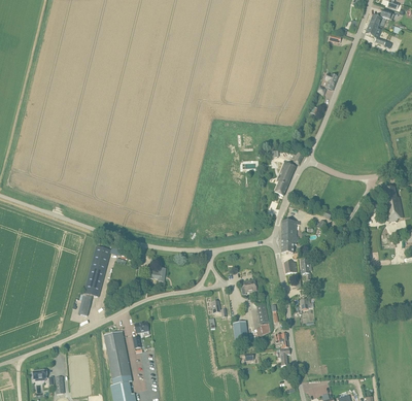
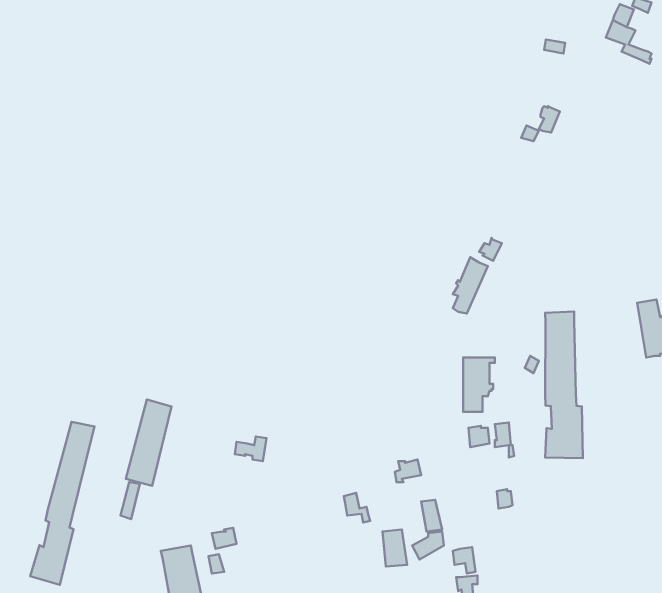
building: none -> [545,312,583,458]
building: none -> [30,422,95,585]

